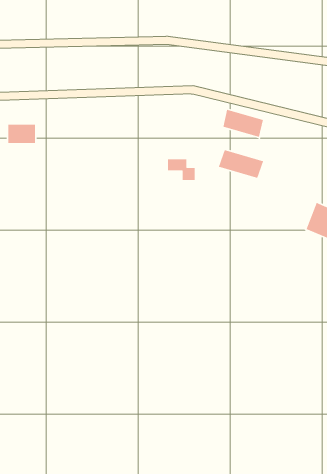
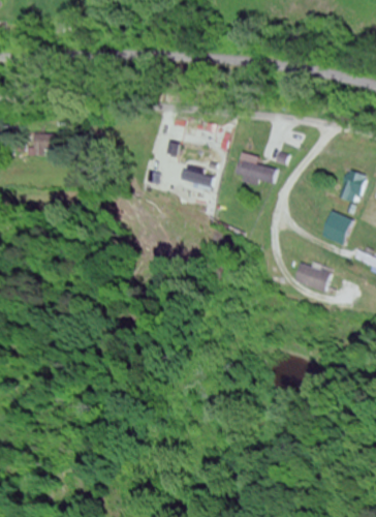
building: [222,109,264,138] -> none
building: none -> [292,263,328,292]

